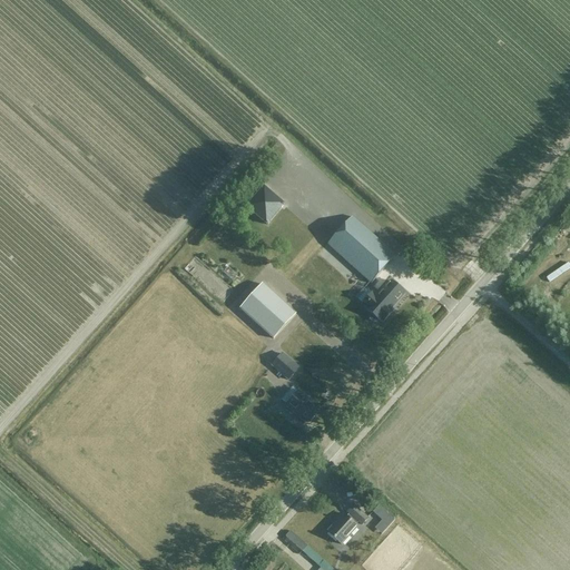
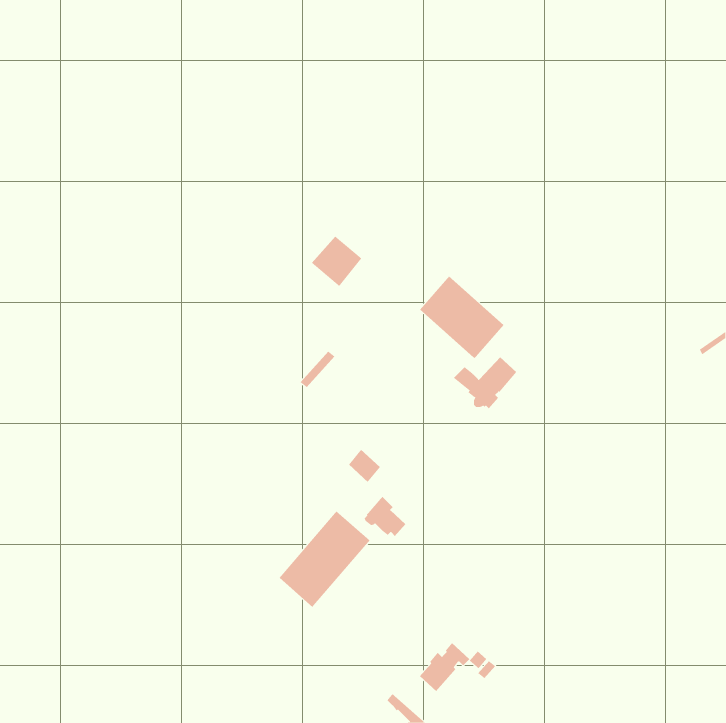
building: [240,283,296,337] -> none
building: none -> [279,510,370,608]

